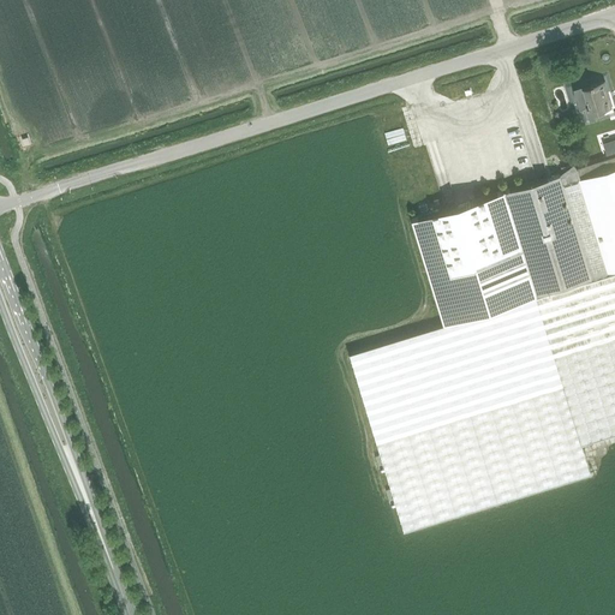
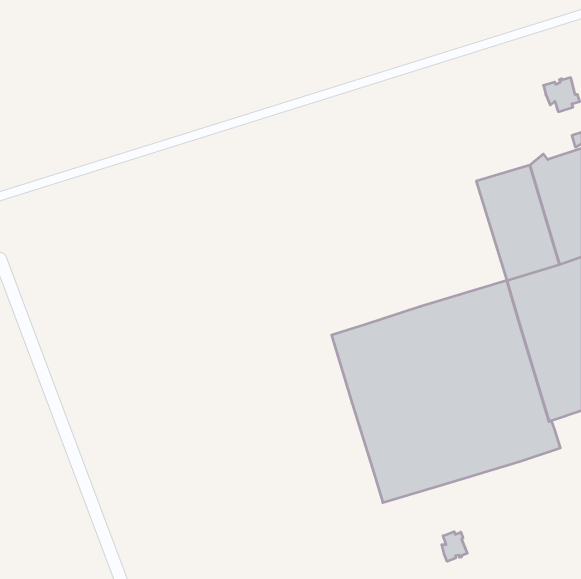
building: [412,195,536,327] -> none
building: none -> [442,532,467,561]

